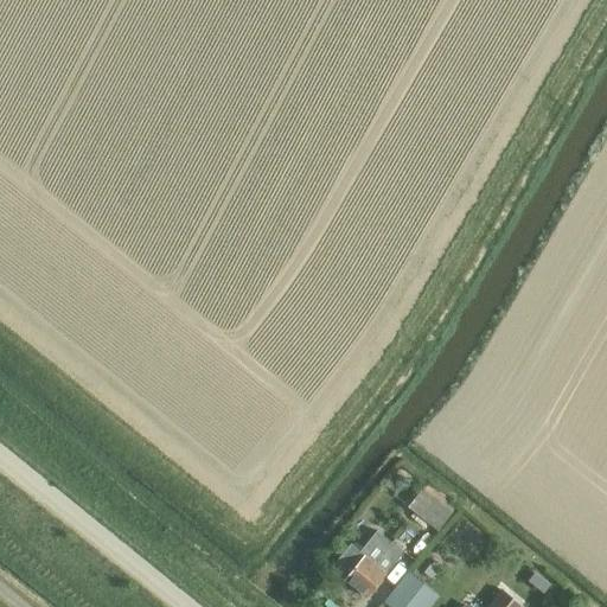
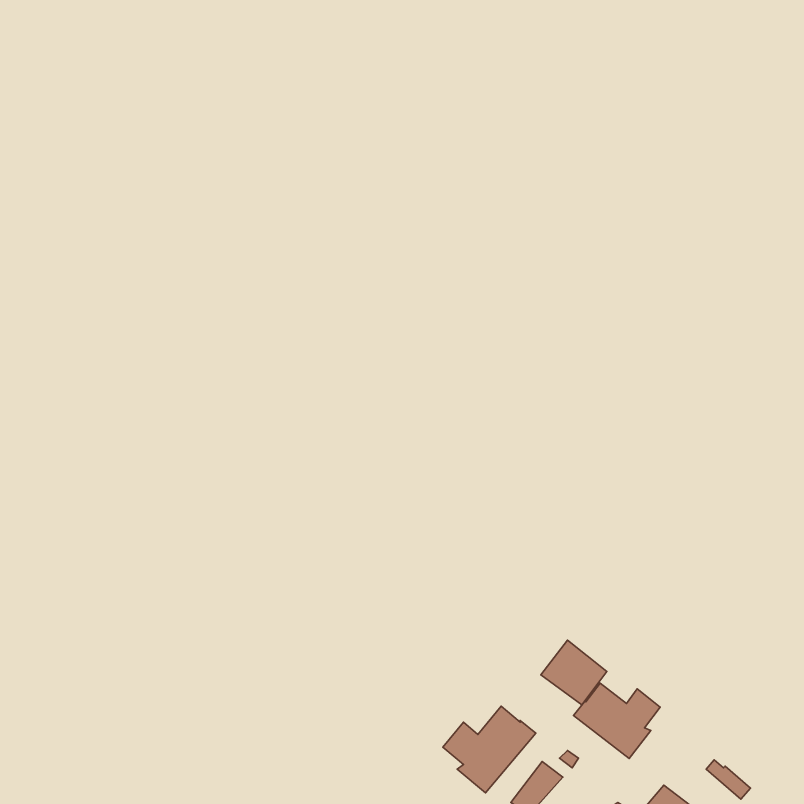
building: none -> [573,683,660,758]

